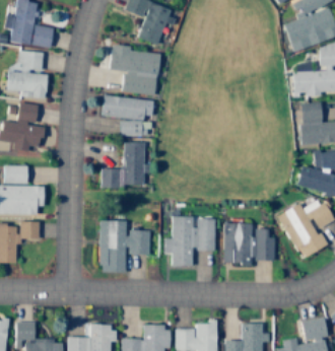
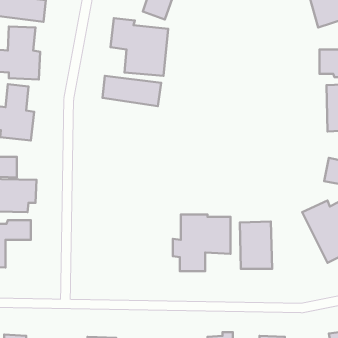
building: [120,120,150,136] -> none
building: [100,141,144,187] -> none
building: [99,220,150,272] -> none
building: [255,228,275,261] -> none

